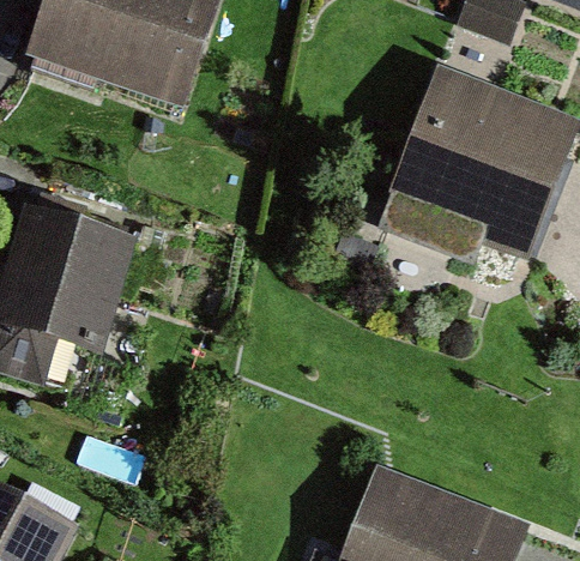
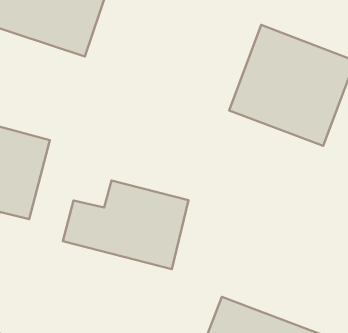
building: none -> [63,180,189,269]

